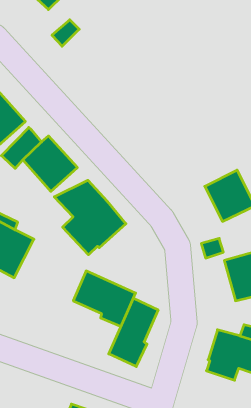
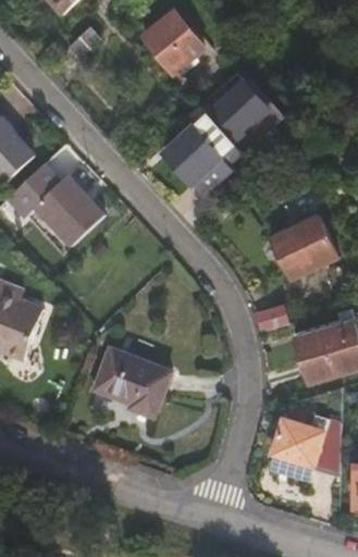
building: none -> [153,10,214,72]
building: none -> [166,82,272,201]
building: [54,180,126,255] -> none
building: [109,298,158,367] -> none

